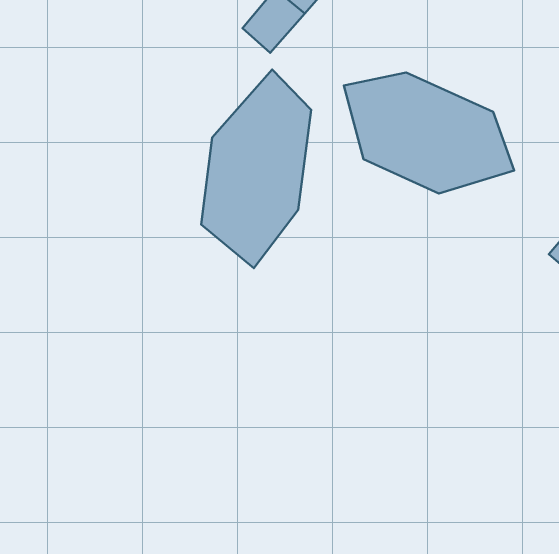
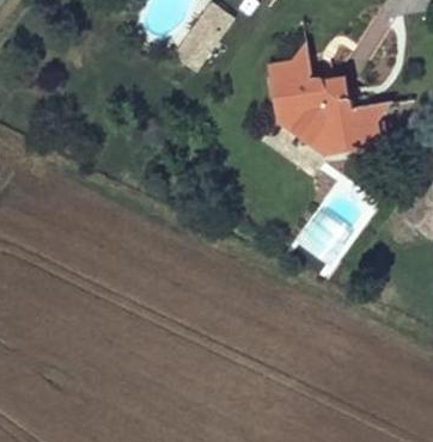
building: [201,69,311,268] -> none

